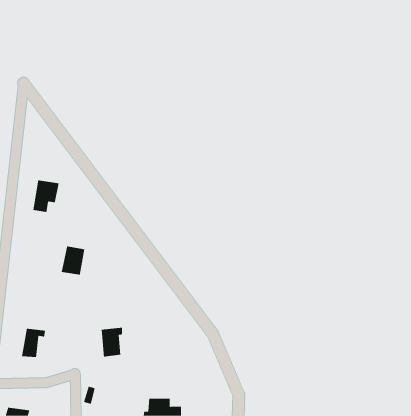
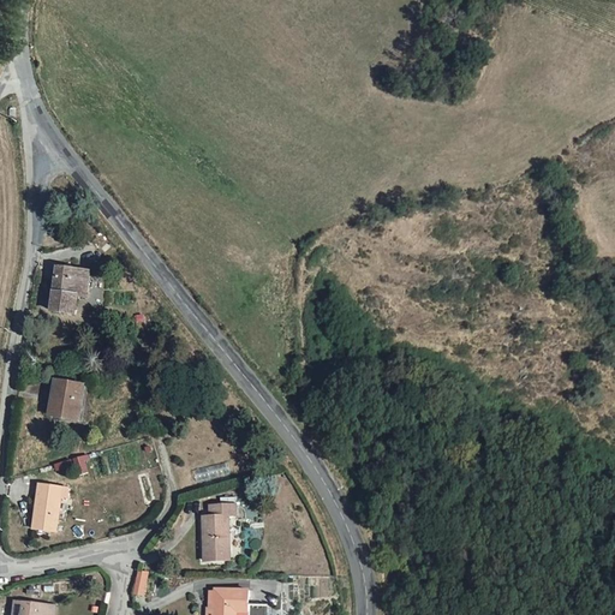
building: [61,246,85,275] -> [44,377,80,420]
building: [101,327,123,357] -> [203,503,235,548]

